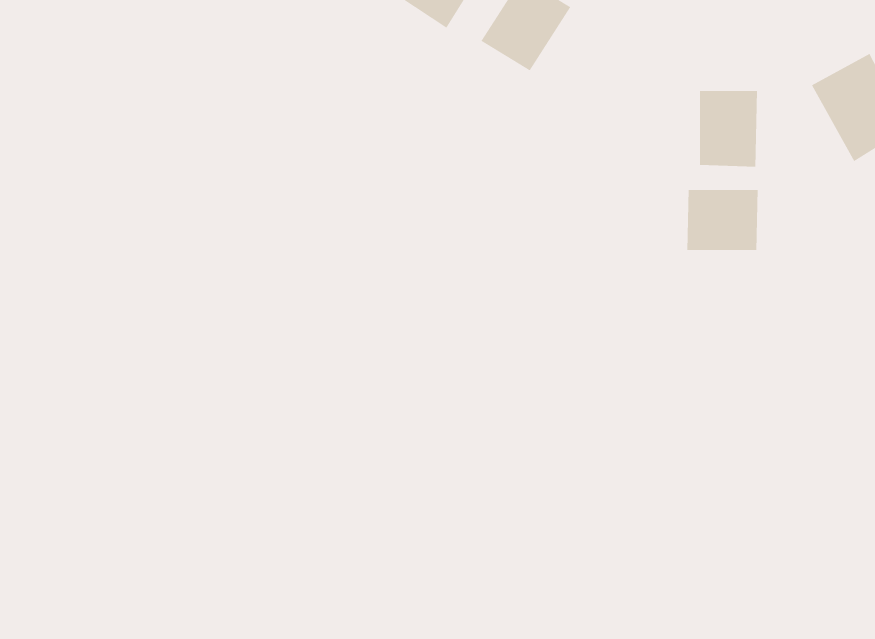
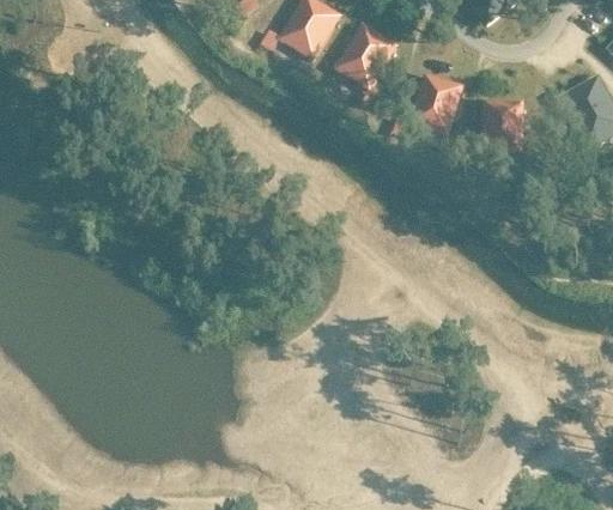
building: none -> [411,71,463,132]
building: [687,189,758,251] -> none

